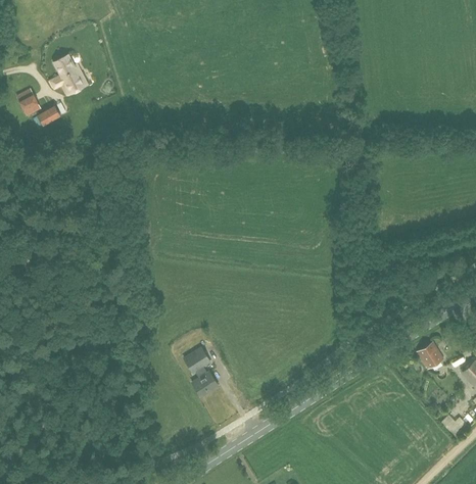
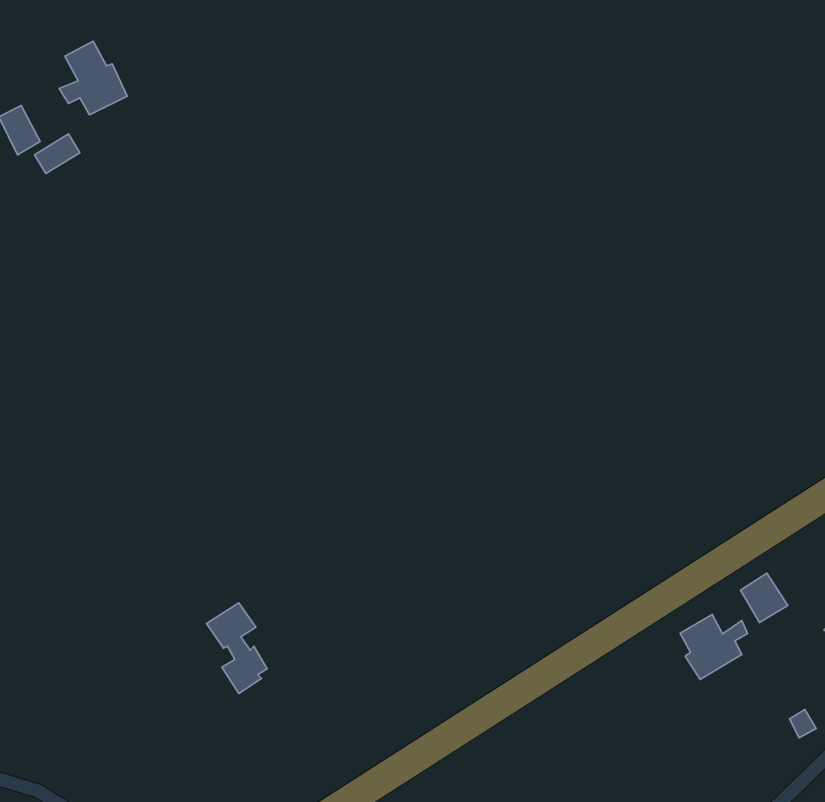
building: [184,347,217,396] -> [207,603,267,694]
building: none -> [680,615,747,679]

